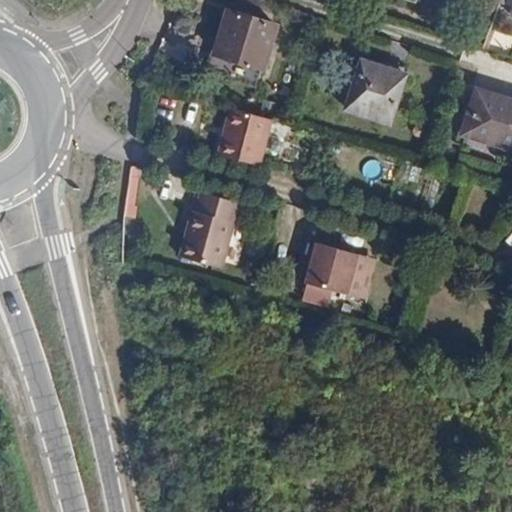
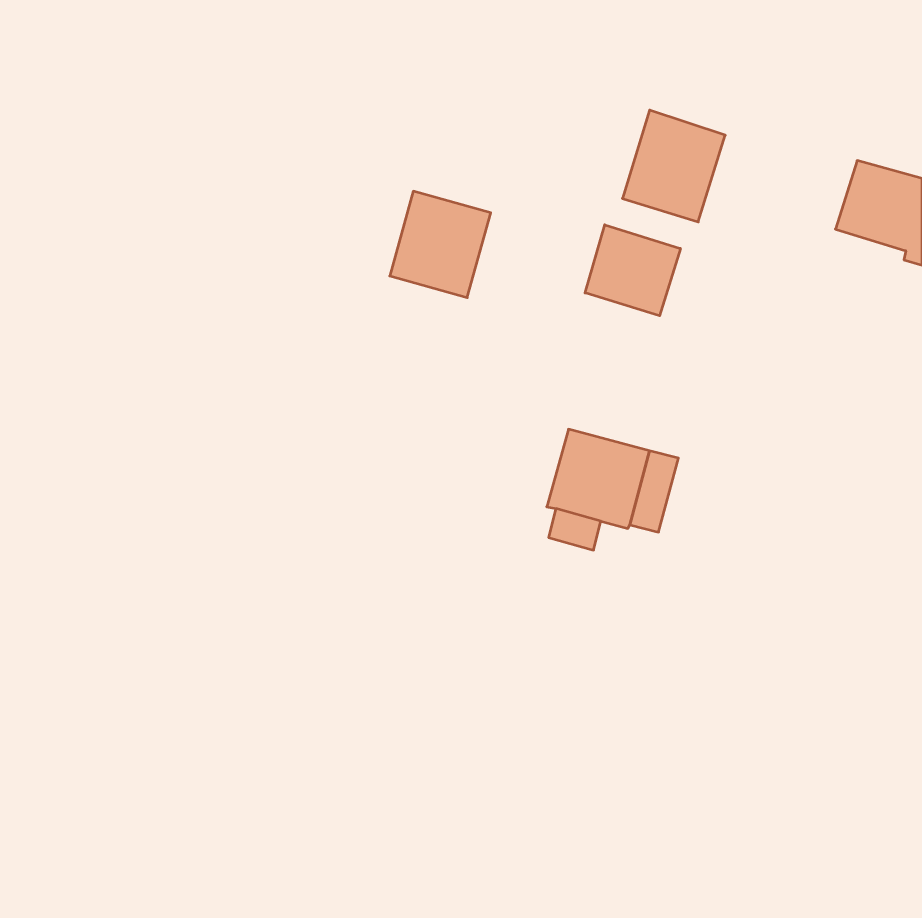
building: [212,11,275,69] -> none
building: none -> [585,225,680,316]
building: [177,190,241,271] -> none

